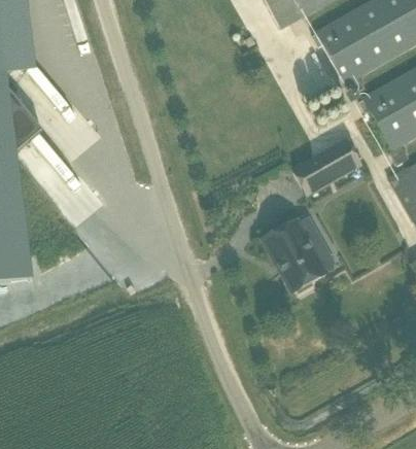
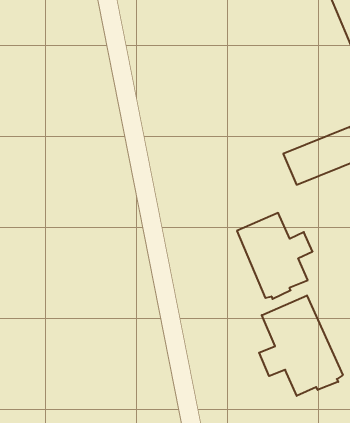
building: none -> [259,295,343,396]

